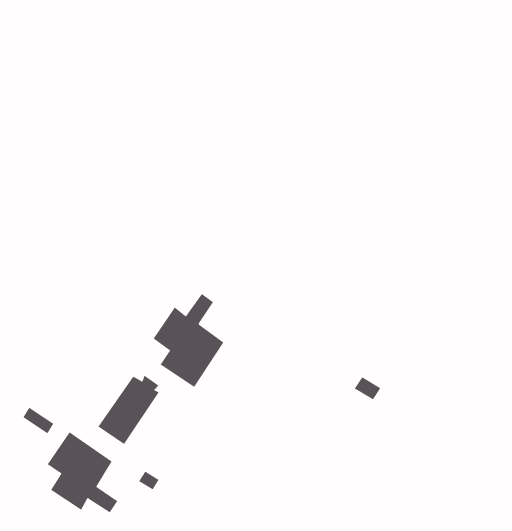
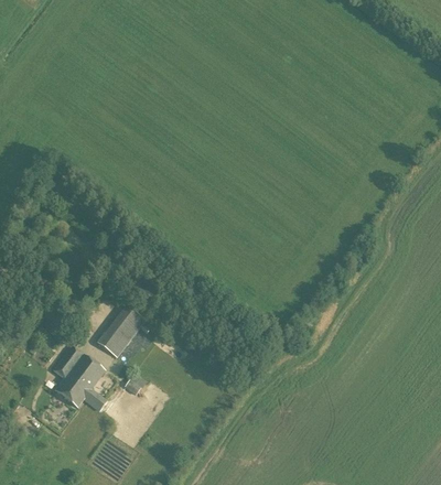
building: [153,293,224,388] -> none

